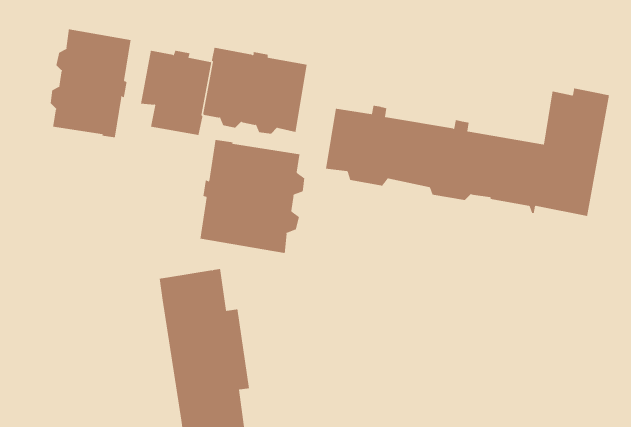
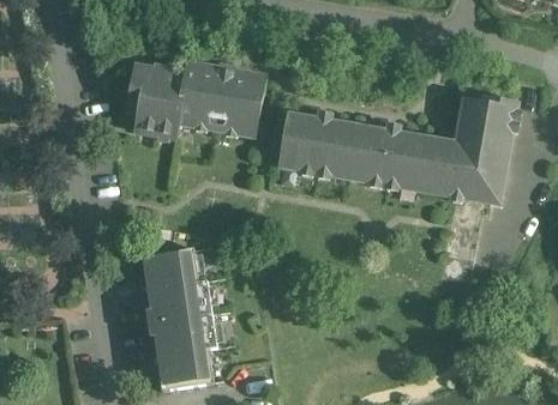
building: [50,28,131,138] -> none
building: [200,139,305,254] -> none

